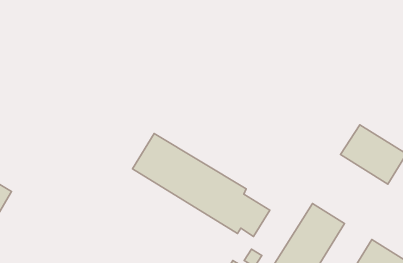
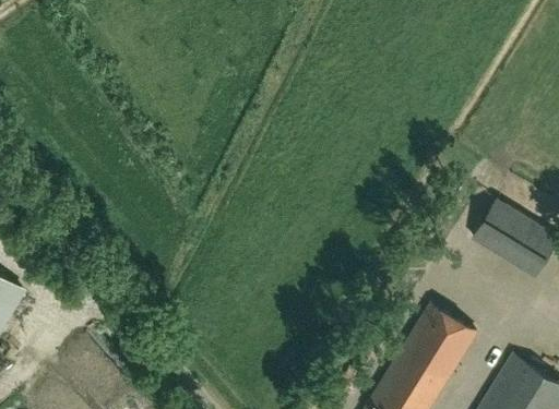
building: [133,133,270,236] -> none

